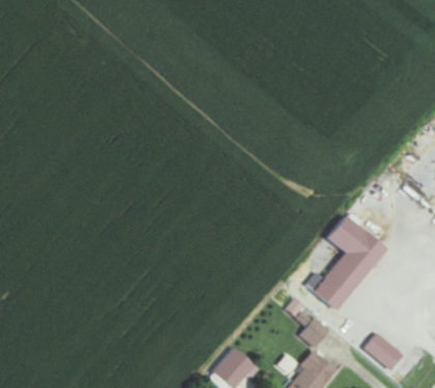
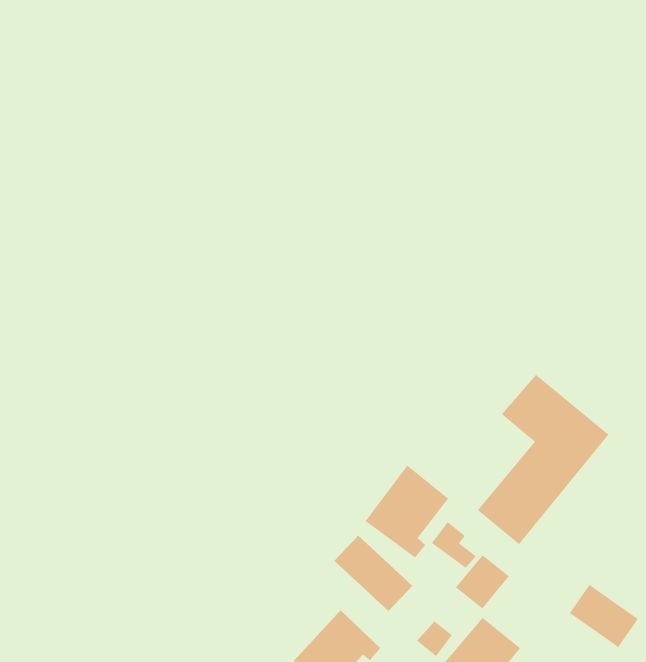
building: none -> [365,464,449,558]
building: none -> [333,535,413,612]

